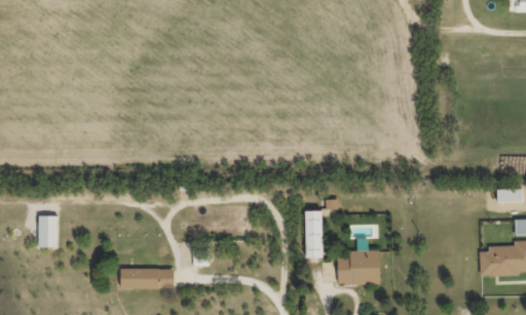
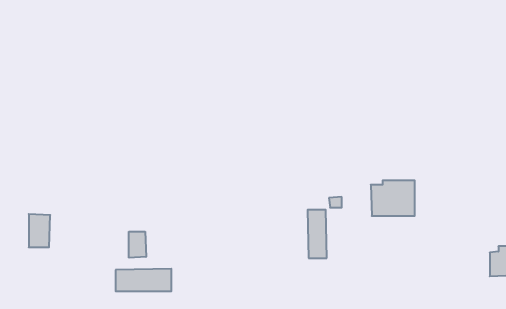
building: none -> [129,232,146,258]
building: [338,250,380,284] -> [371,180,415,216]

